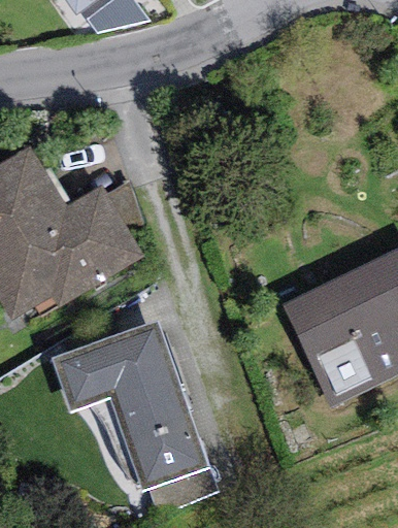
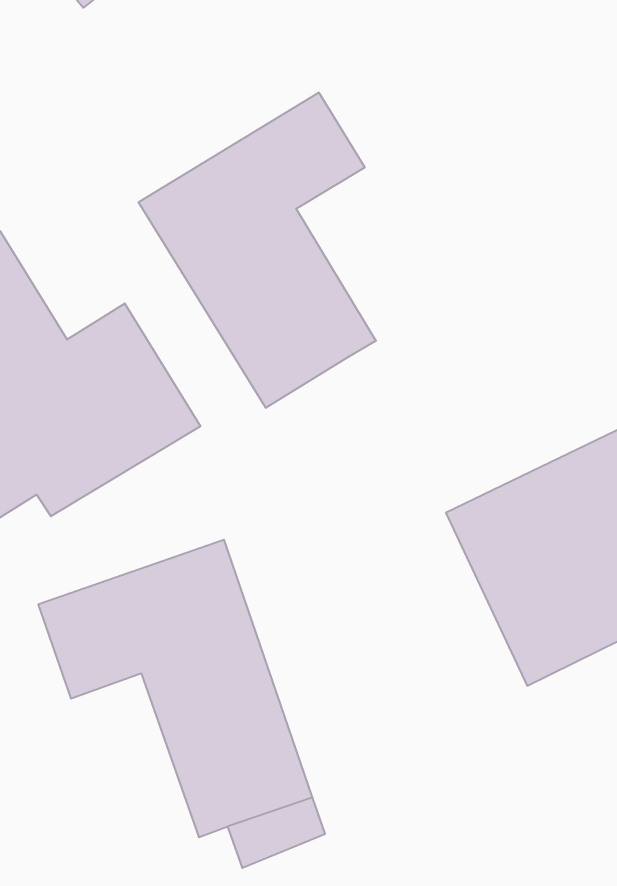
building: none -> [139,92,376,408]

